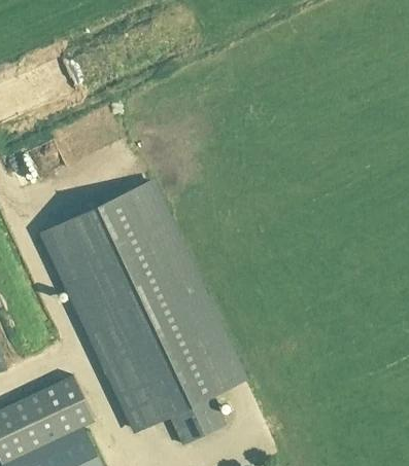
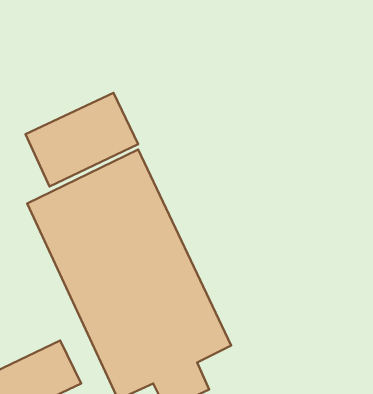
building: none -> [26,93,138,186]

